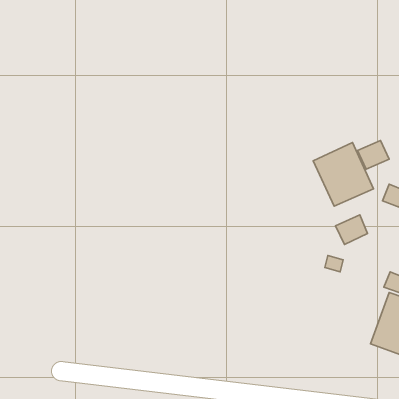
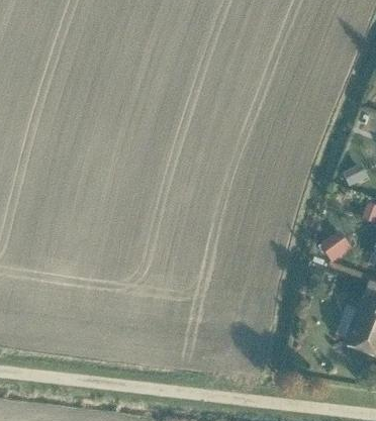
building: [313,142,374,206] -> none

